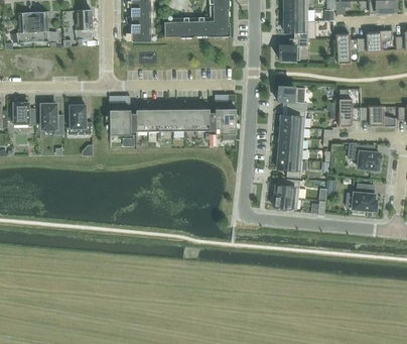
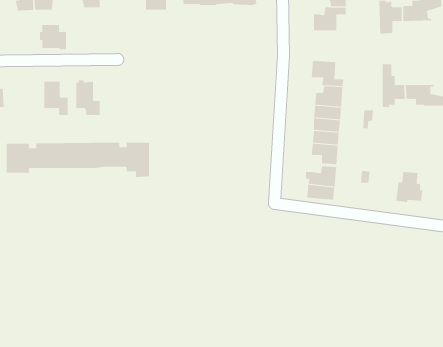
building: [11,102,35,124] -> [39,24,67,50]
building: [109,108,236,139] -> [6,142,150,178]
building: [348,143,380,171] -> none

